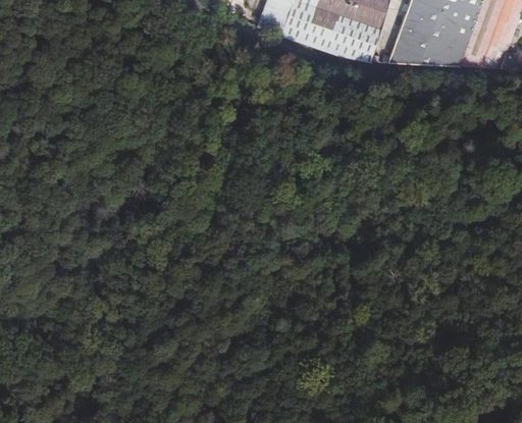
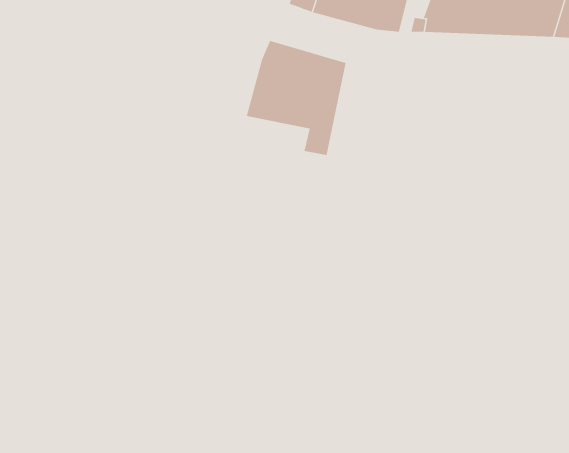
building: none -> [246,40,346,156]

